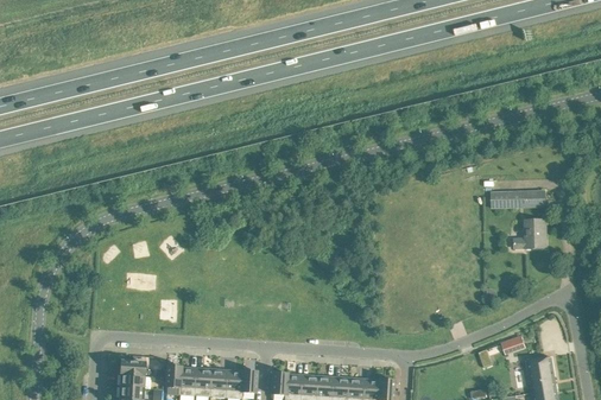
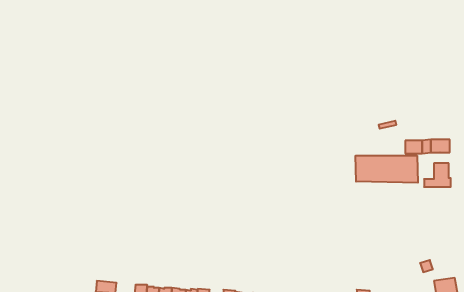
building: none -> [356,156,418,183]

